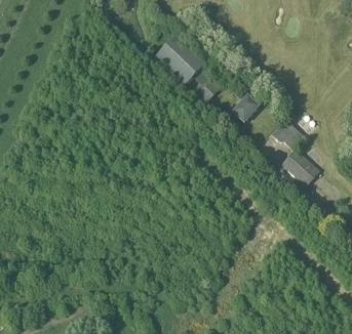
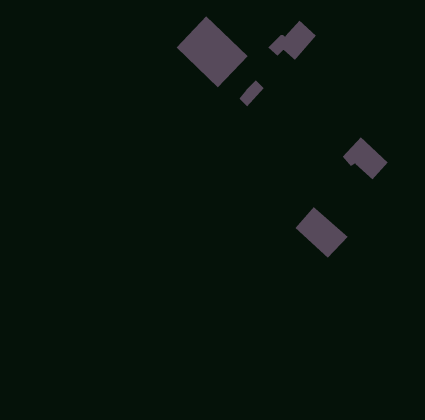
building: [224,94,259,123] -> [267,20,317,61]
building: [280,150,318,186] -> [294,206,348,259]

